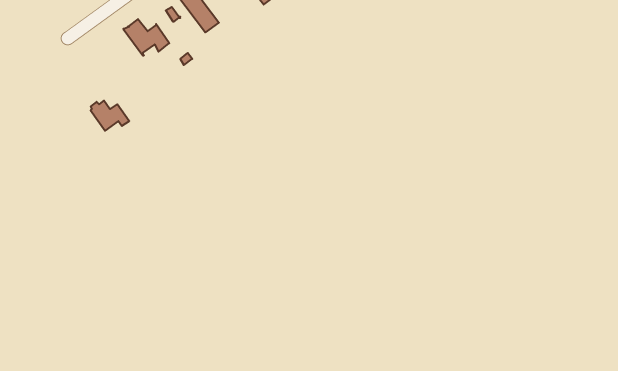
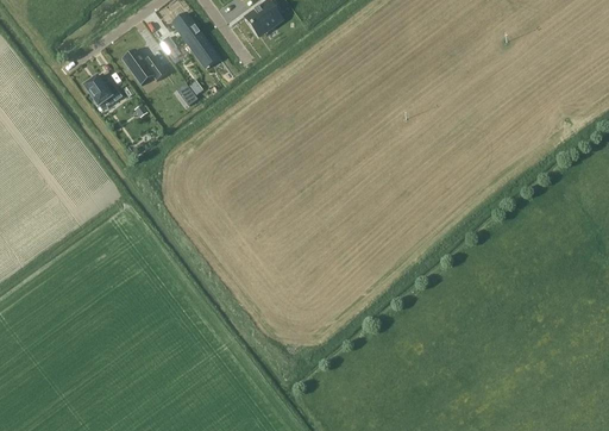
building: [91,101,129,131] -> [84,76,123,106]

